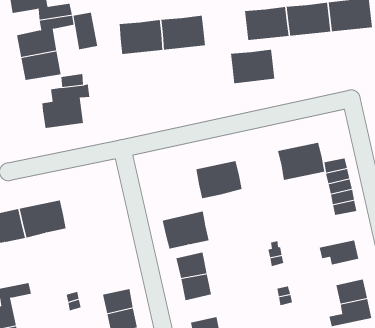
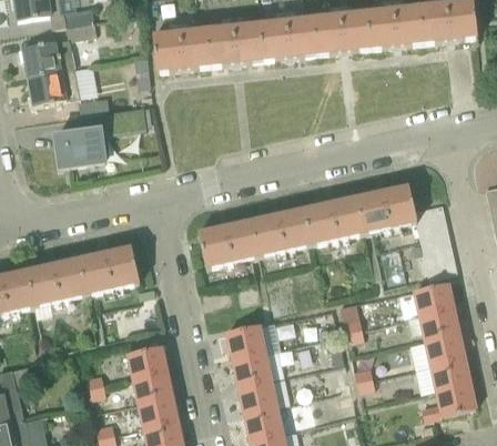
building: [73,12,98,50] -> none
building: [230,49,275,84] -> [260,16,317,60]
building: none -> [303,194,363,243]
building: none -> [79,244,140,293]
building: [162,211,210,249] -> [197,217,258,266]
building: none -> [403,282,454,317]
building: none -> [417,332,465,366]
building: none -> [128,344,168,377]
building: none -> [237,377,278,413]

